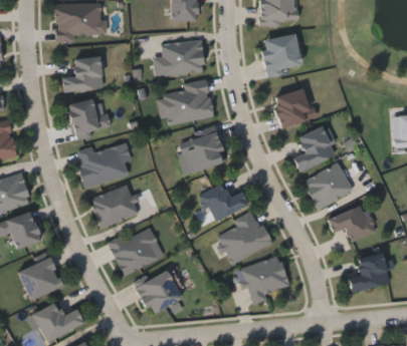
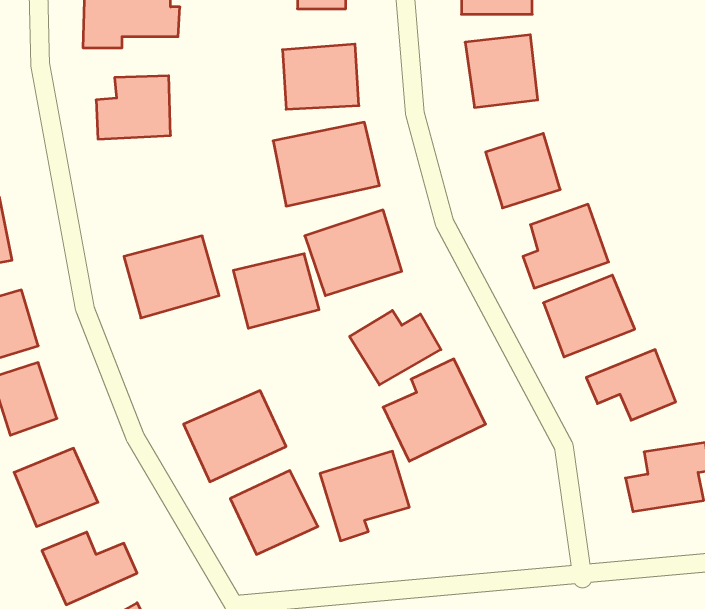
building: [67,96,110,135] -> none
building: [91,186,138,226] -> [233,254,319,328]
building: [241,256,289,304] -> [320,451,409,541]

